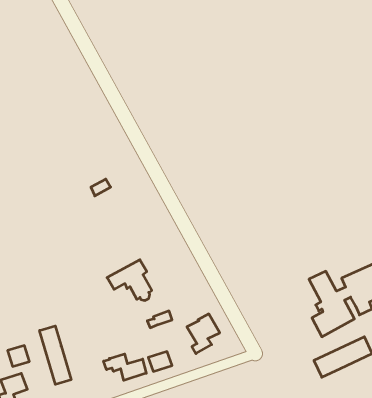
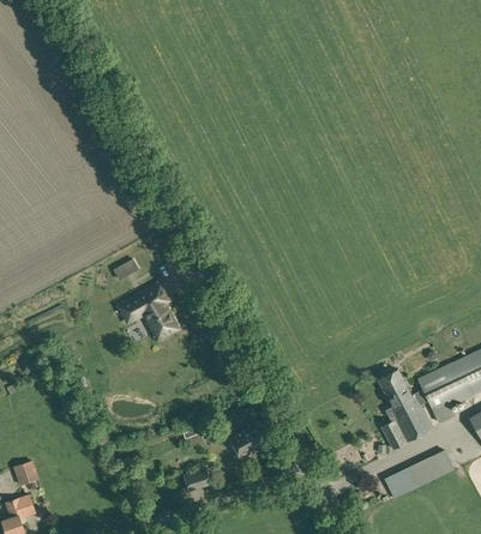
building: [107,260,152,300] -> [120,284,174,334]
building: [40,326,71,384] -> none
building: [104,354,146,380] -> none

